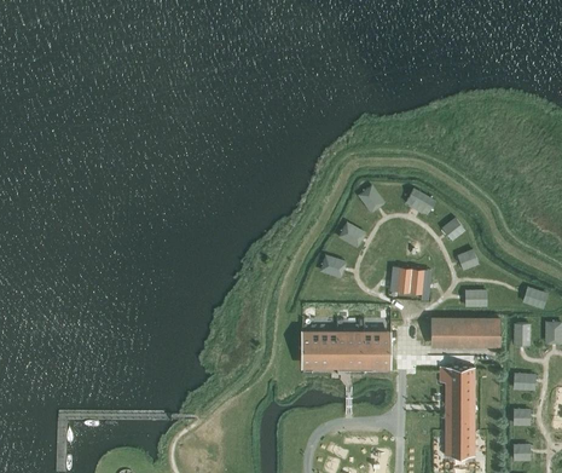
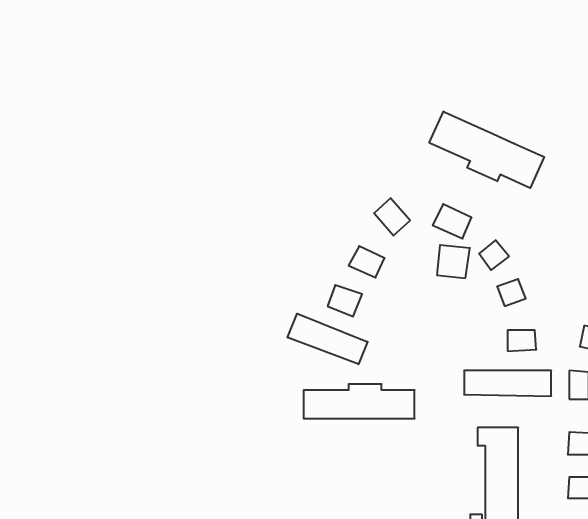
building: none -> [429,111,544,188]
building: [398,267,424,294] -> [437,245,470,278]
building: none -> [288,314,368,364]

